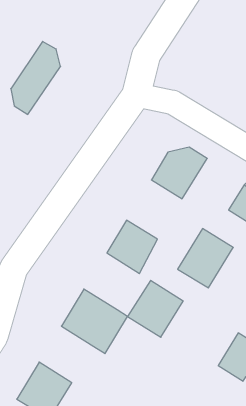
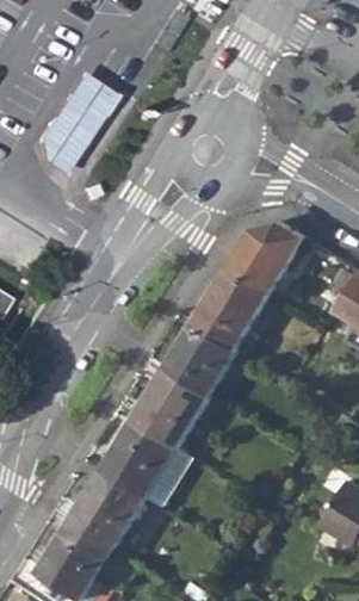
building: [178,229,233,288] -> [191,266,268,348]
building: [127,280,183,337] -> [131,367,209,446]
building: none -> [69,469,146,547]

